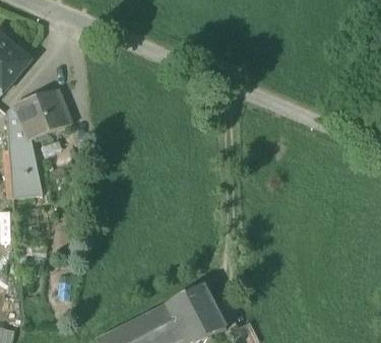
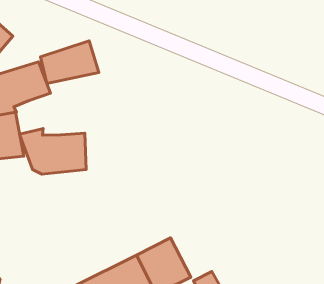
building: none -> [40,41,99,83]
building: none -> [20,128,86,174]

